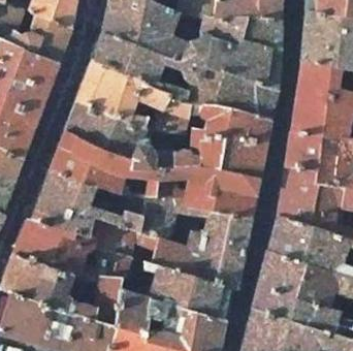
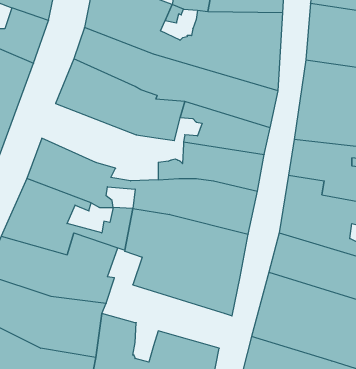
building: [64,101,168,170] -> none
building: [143,263,228,320] -> none

